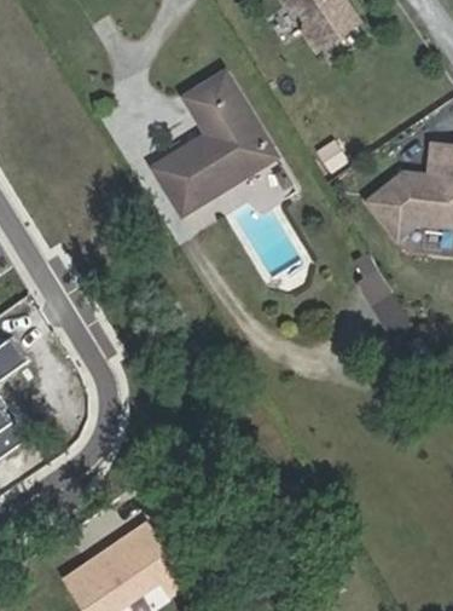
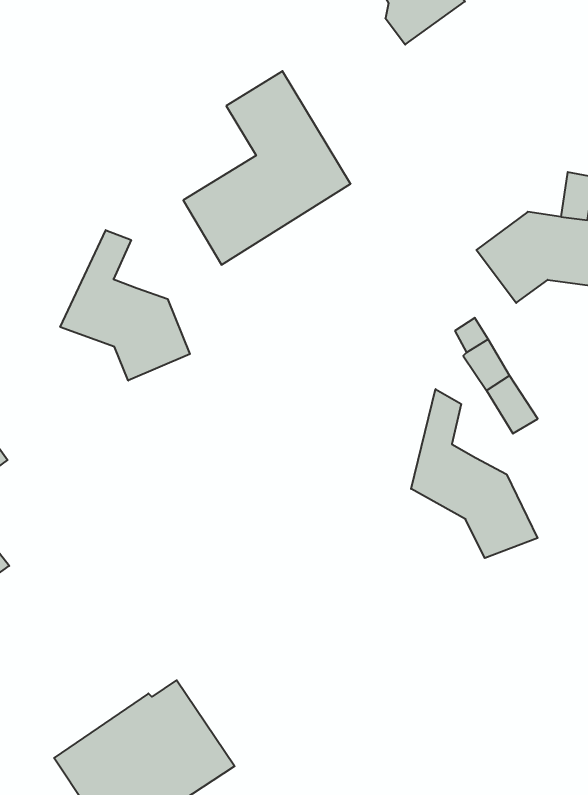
building: none -> [60,230,190,381]
building: none -> [411,389,538,558]

